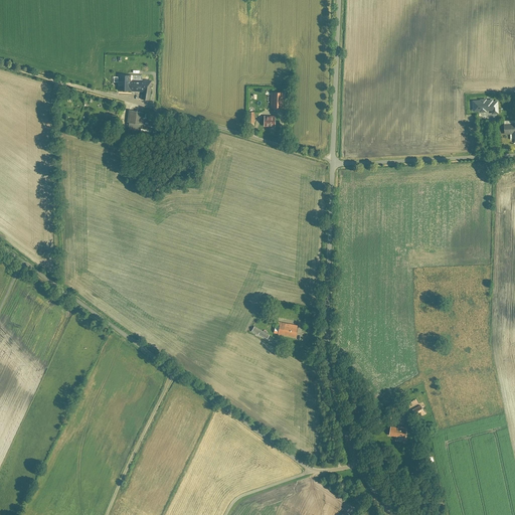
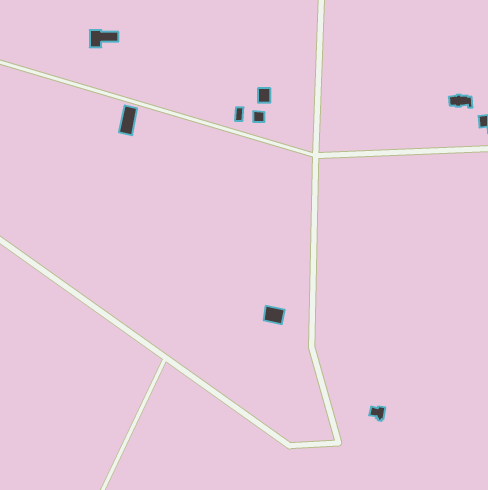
building: [119,74,149,93] -> [90,30,118,47]

